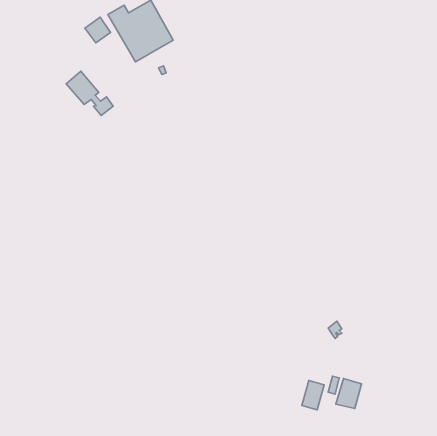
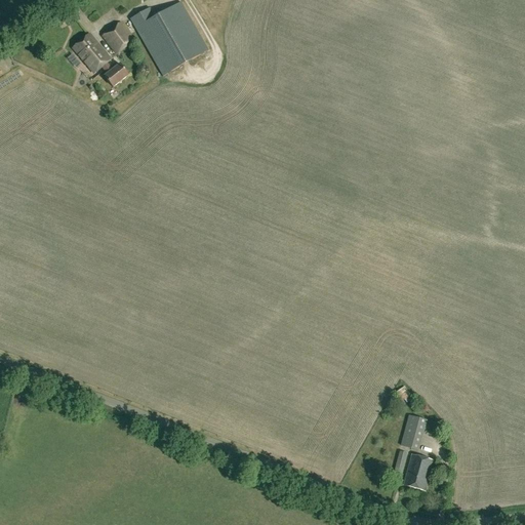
building: [66,71,113,116] -> [71,32,127,85]
building: [302,381,324,410] -> [399,414,426,449]

